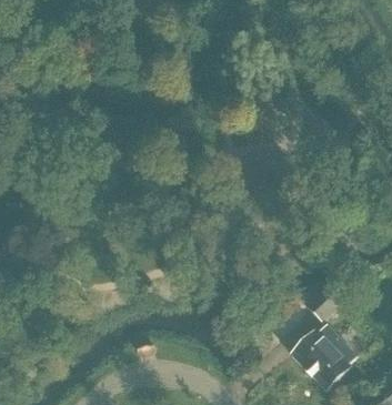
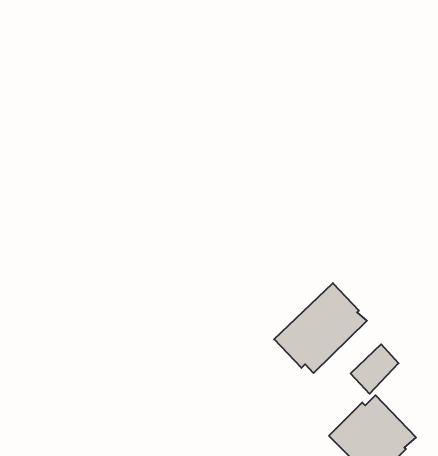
building: none -> [274,283,367,373]

